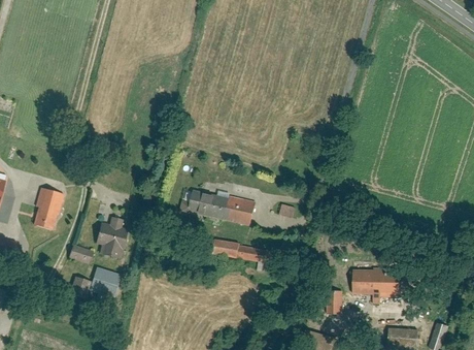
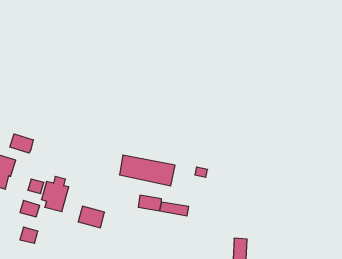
building: none -> [10,134,33,153]
building: [90,265,122,291] -> [78,206,105,228]
building: [354,268,399,291] -> none

